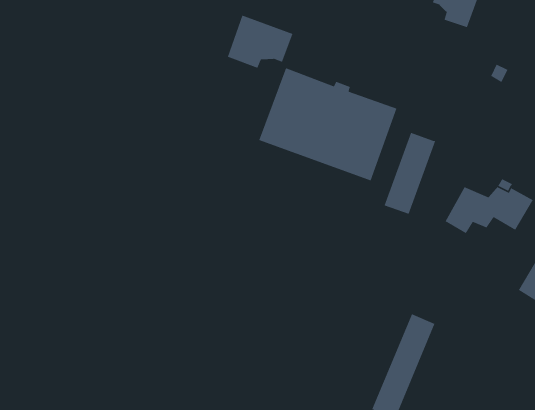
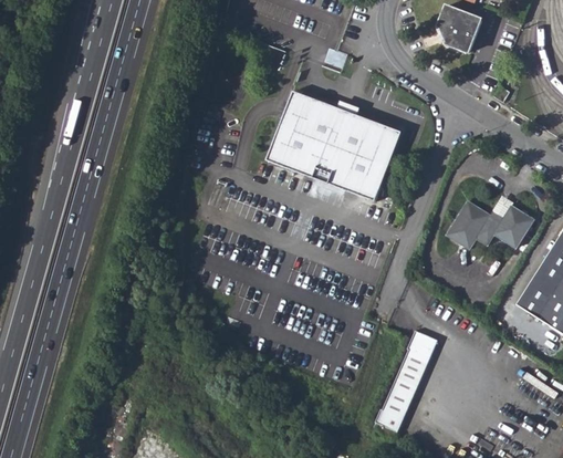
building: [227,14,293,69] -> none
building: [384,132,436,215] -> none

